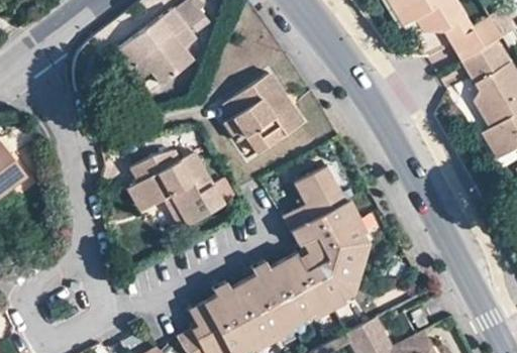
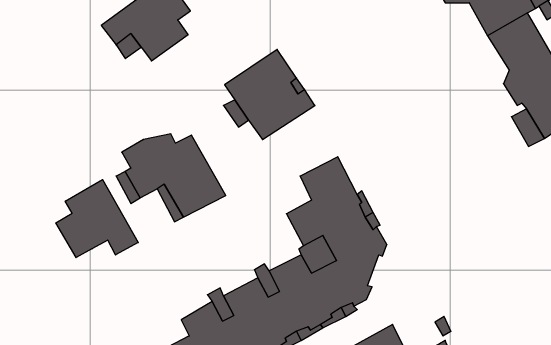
building: none -> [56,180,138,258]

